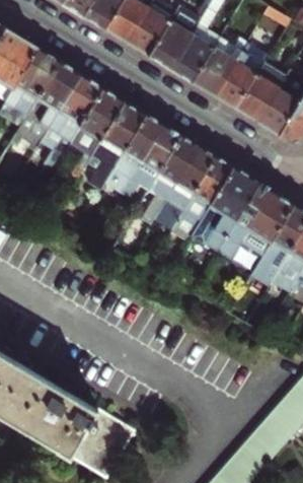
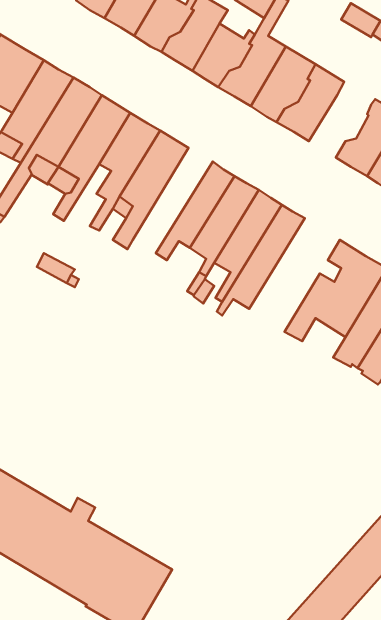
building: [236,75,283,122] -> none
building: [104,115,164,194] -> none
building: [192,167,260,253] -> none

